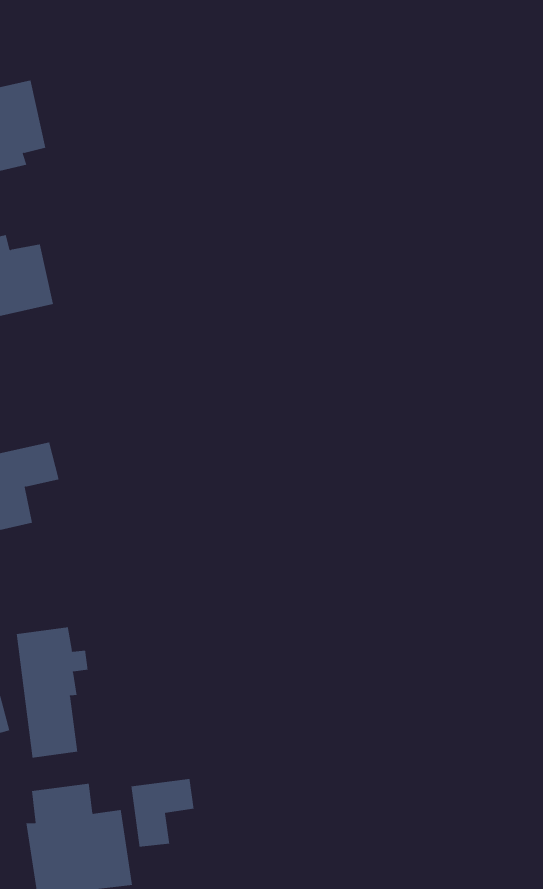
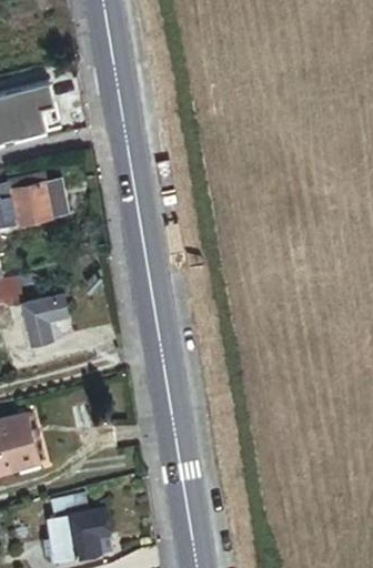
building: [16,626,88,759] -> none
building: [131,778,194,847] -> none

